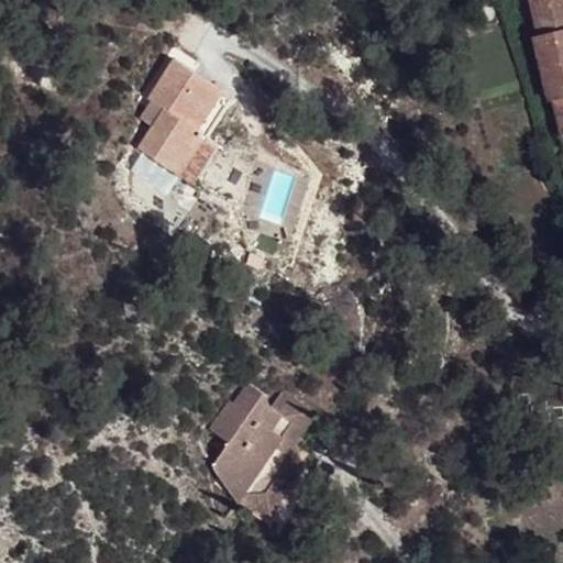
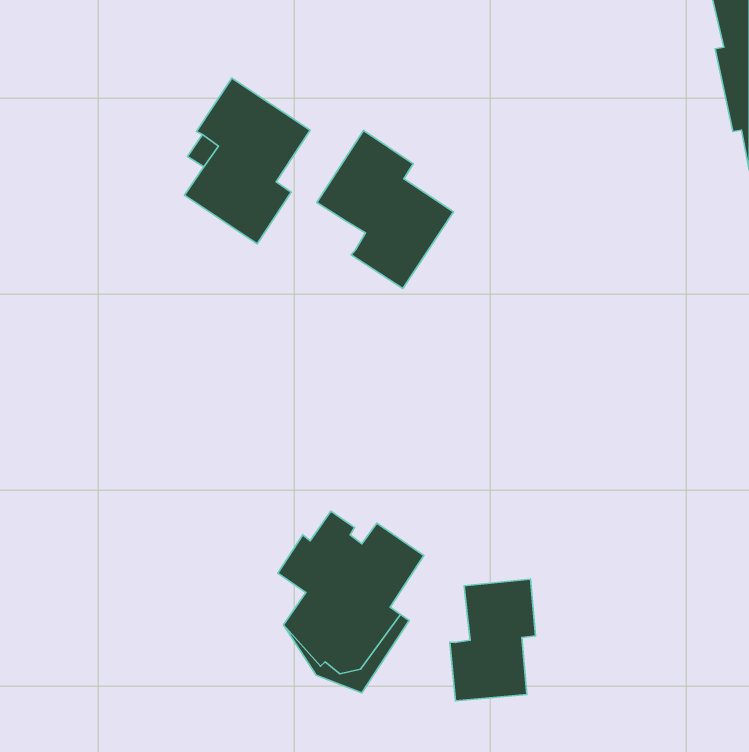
building: none -> [317,131,454,289]
building: none -> [450,579,536,701]

